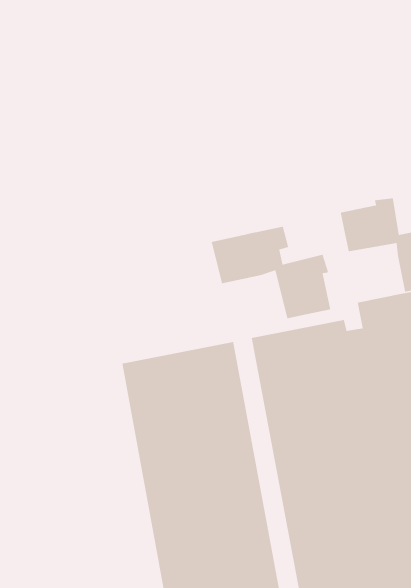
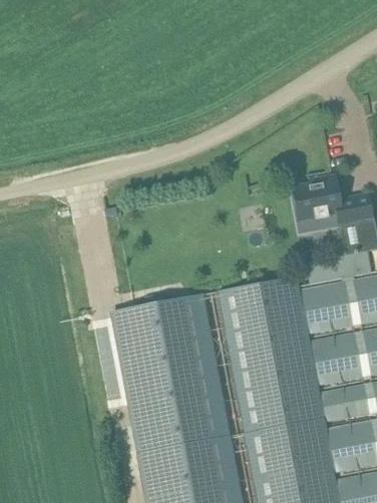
building: [211,226,331,319] -> none

